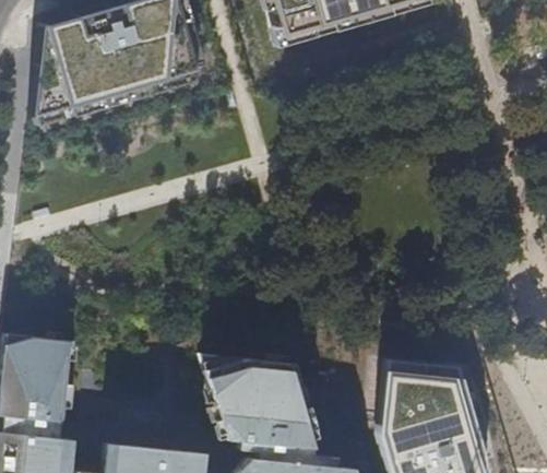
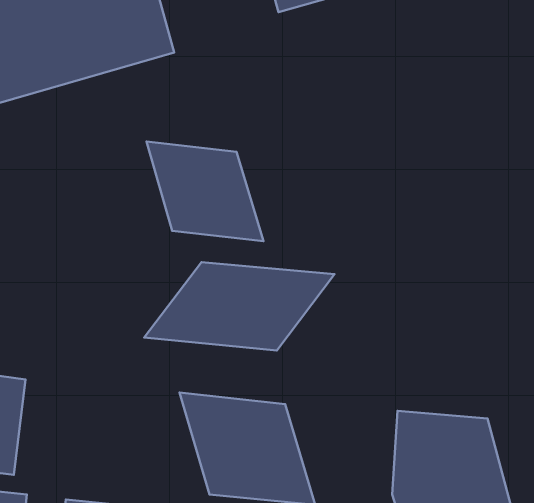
building: none -> [146,141,263,241]
building: none -> [144,262,335,351]

